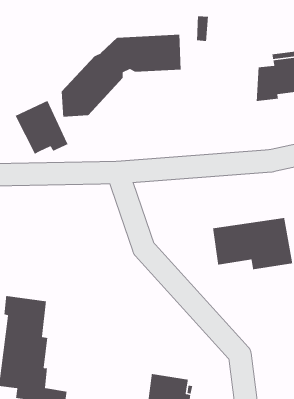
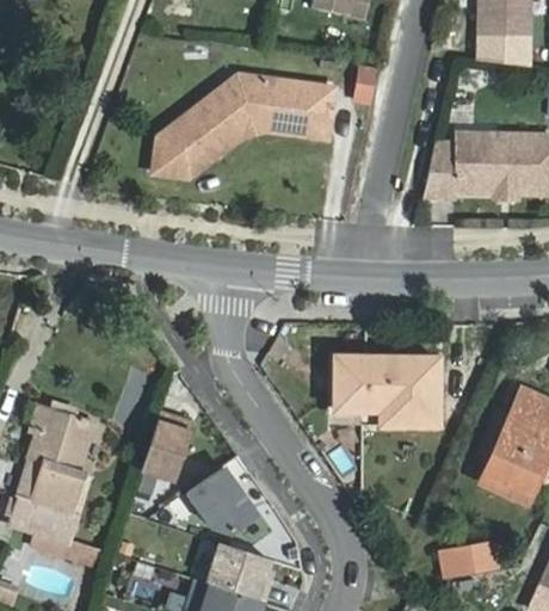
building: [14,100,69,155] -> none
building: none -> [141,412,193,481]
building: none -> [186,467,258,533]

